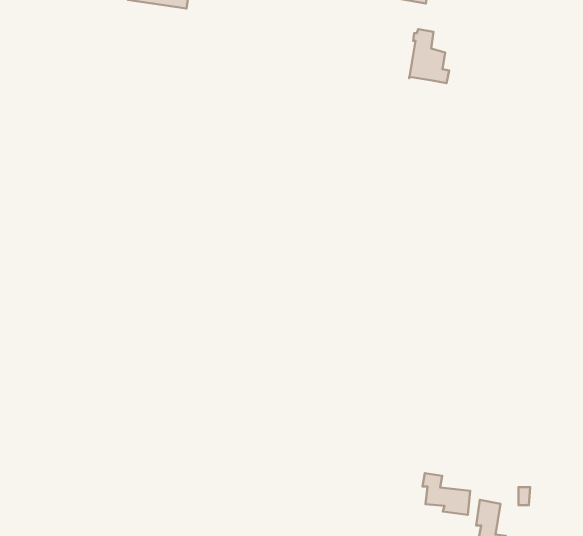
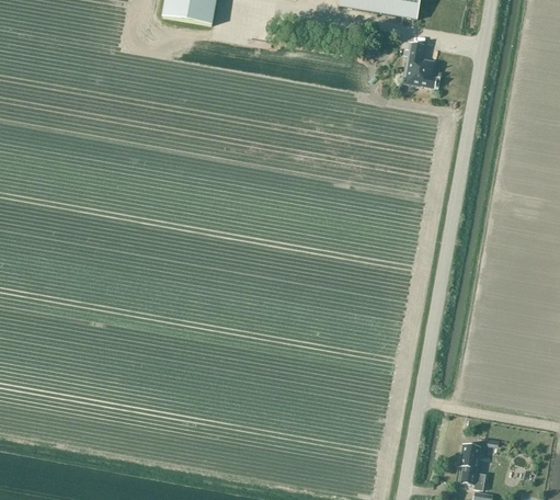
building: [423,473,470,515] -> none

